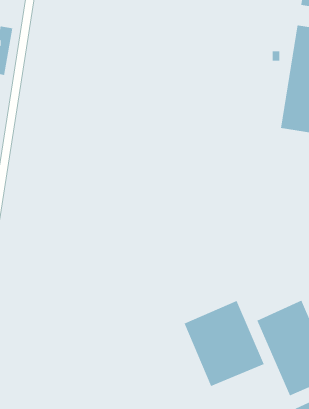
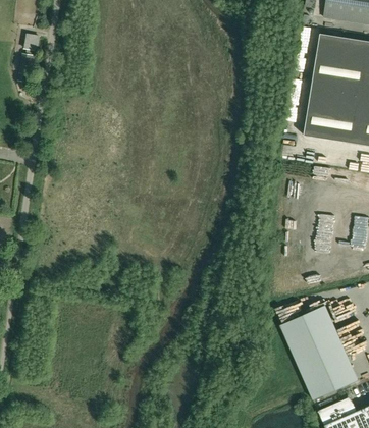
building: [184,300,264,387] -> none

